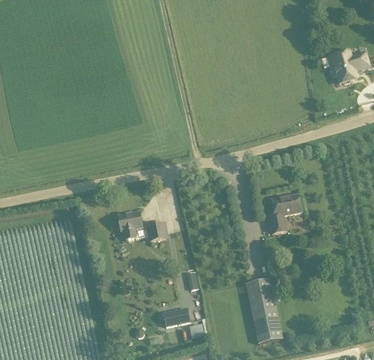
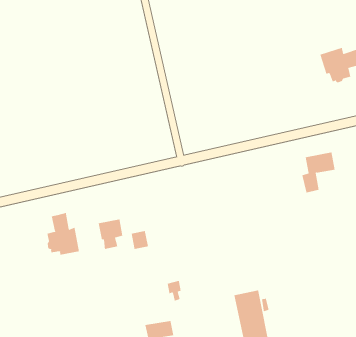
building: [270,194,302,233] -> [302,152,335,193]
building: none -> [47,212,80,255]

